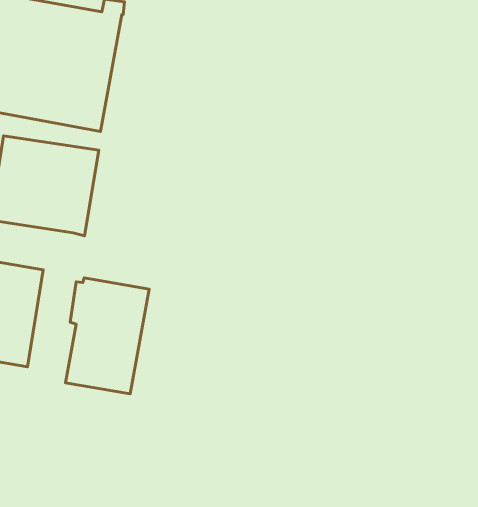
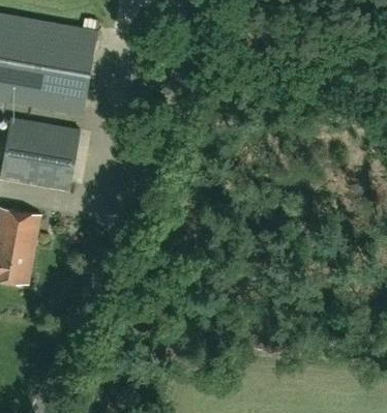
building: [65,278,149,394] -> none

